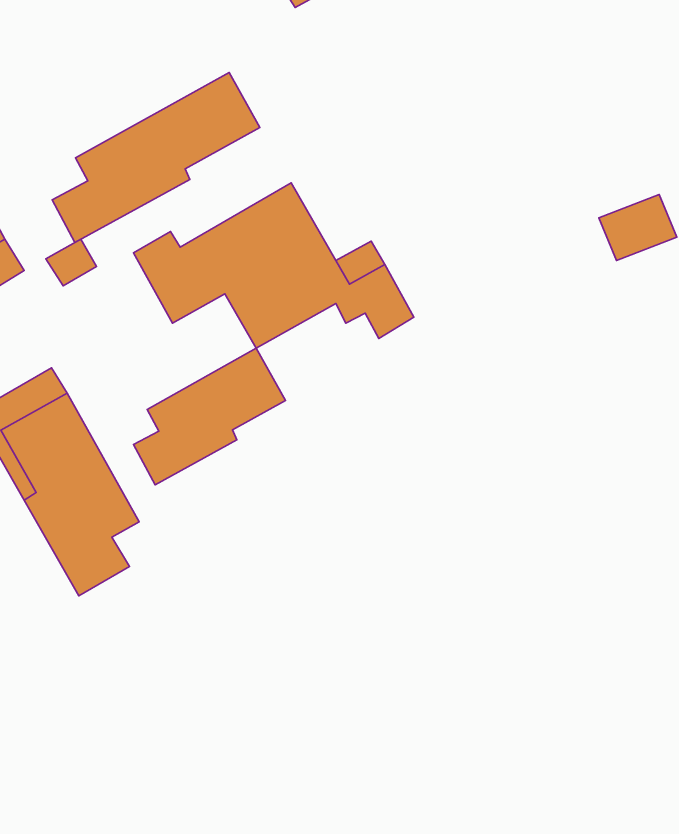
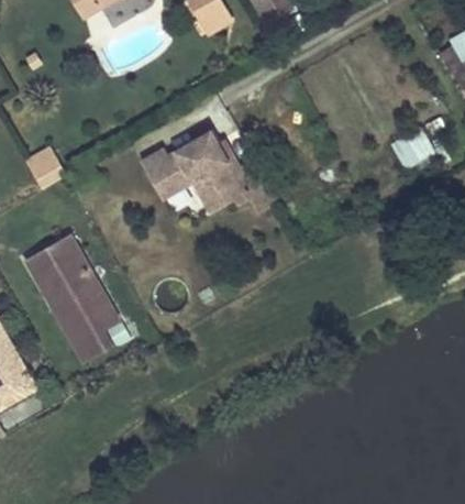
building: [52,73,260,243] -> none
building: [133,348,285,485] -> none

